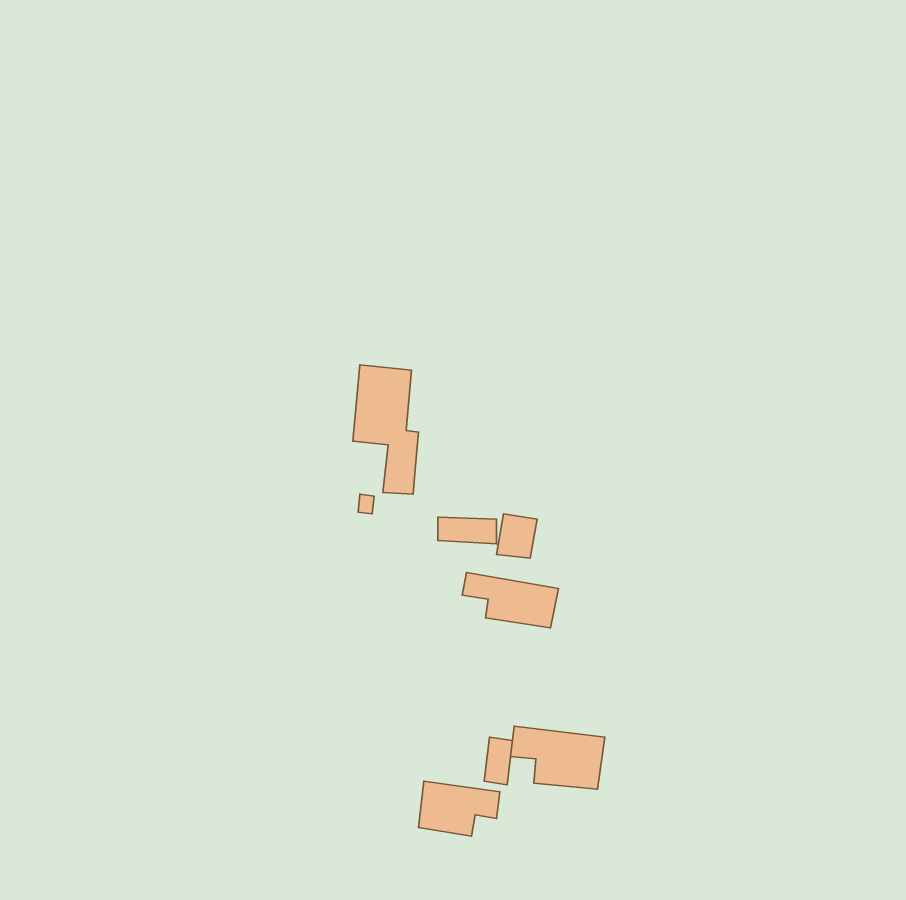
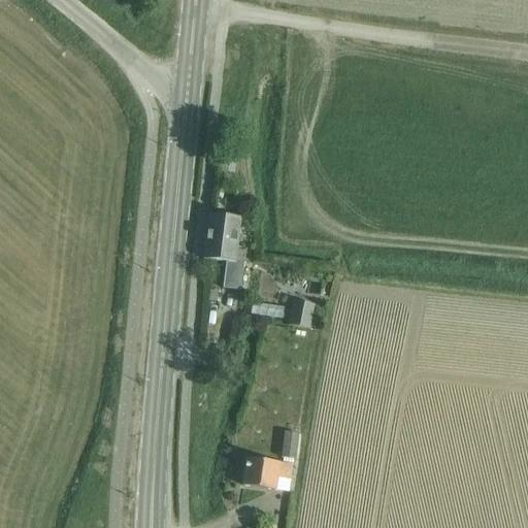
building: [462,572,559,628] -> none
building: [510,726,605,789] -> none

